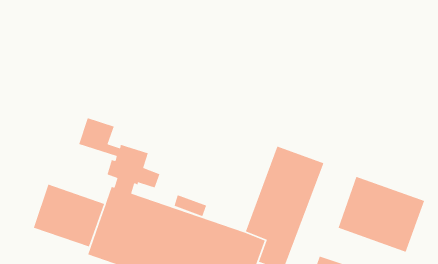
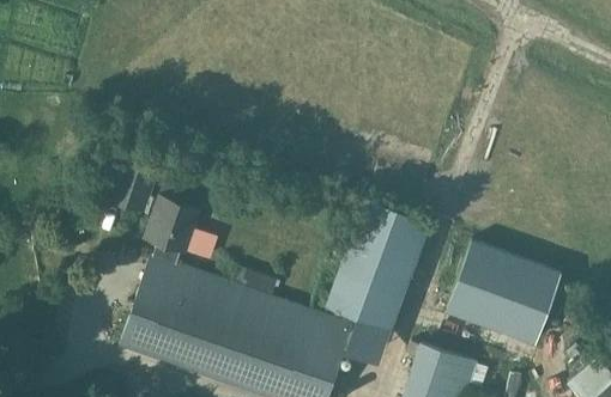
building: [33,184,105,248] -> none

